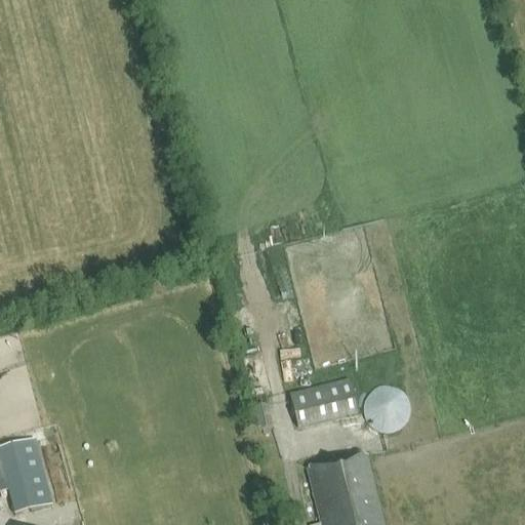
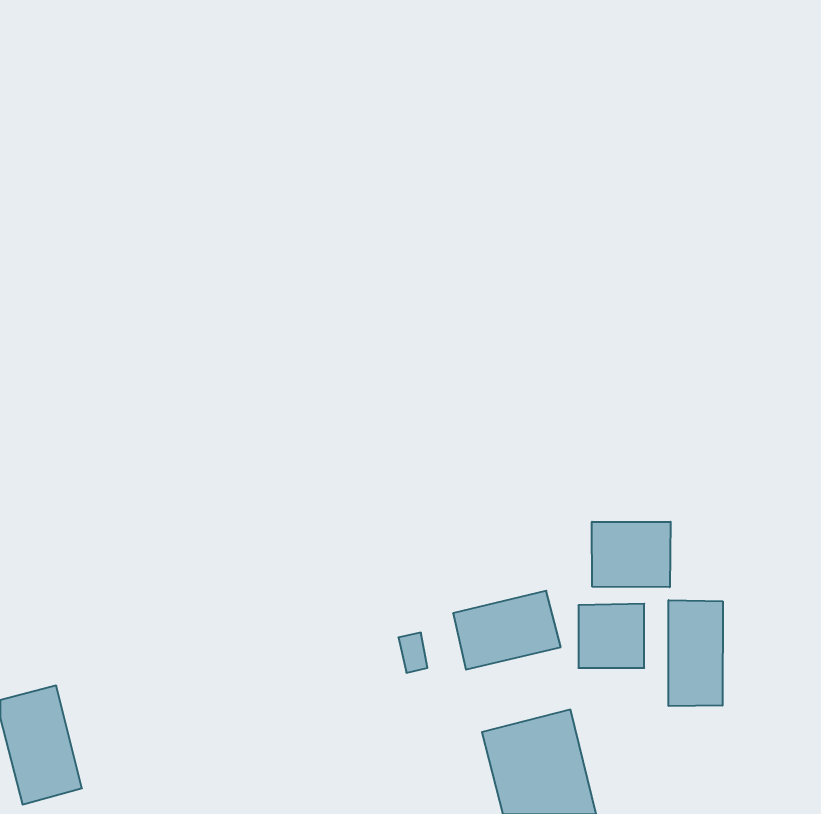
building: none -> [592,522,671,587]
building: none -> [669,600,723,706]

